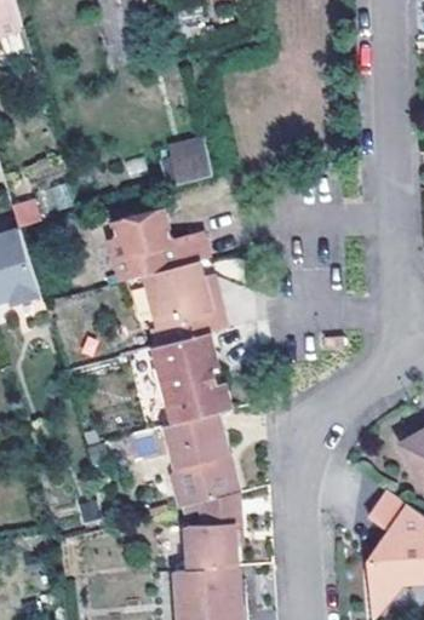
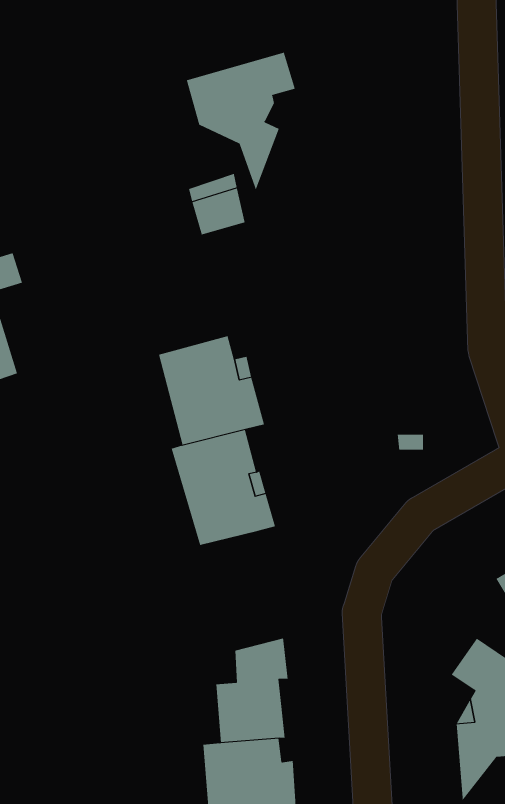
building: none -> [186,52,295,191]
building: [107,211,207,282] -> none
building: [164,411,239,506] -> none

